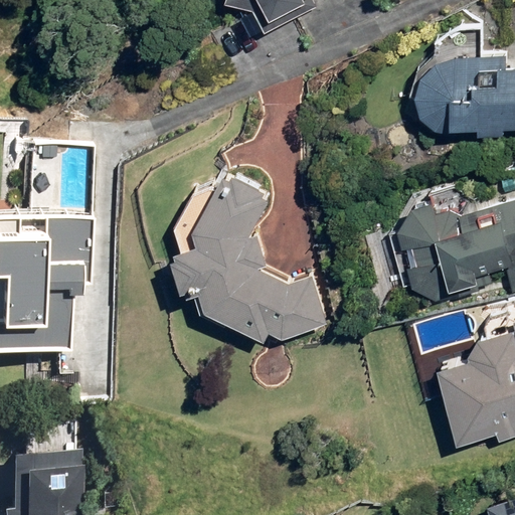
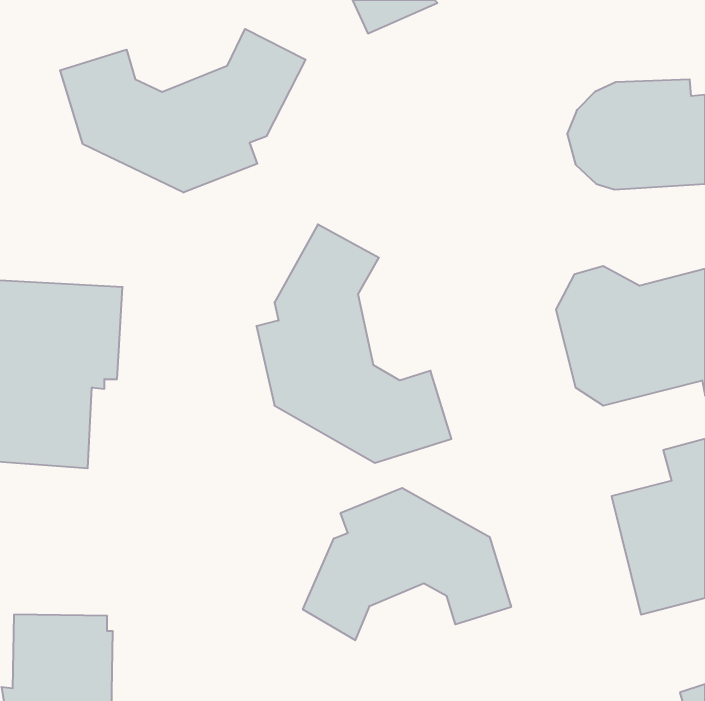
building: none -> [60,29,305,193]
building: none -> [303,488,511,640]

